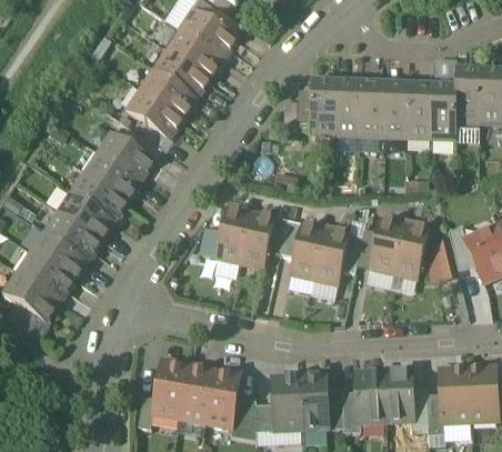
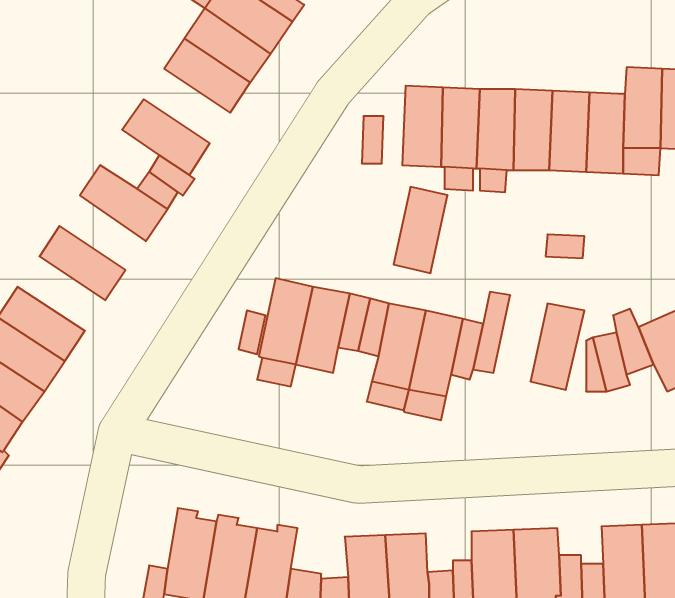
building: [140,68,197,117] -> none
building: [84,151,141,200] -> none
building: [57,191,114,240] -> none
building: [370,217,405,273] -> [394,187,448,273]

